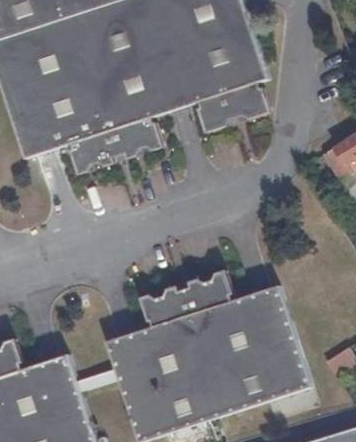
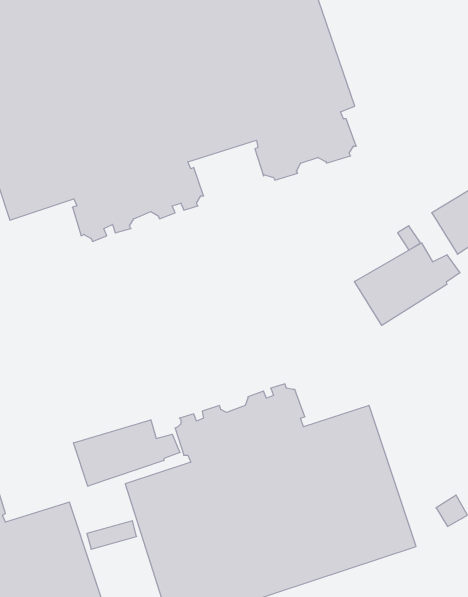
building: none -> [354,243,460,325]
building: none -> [73,420,180,486]

